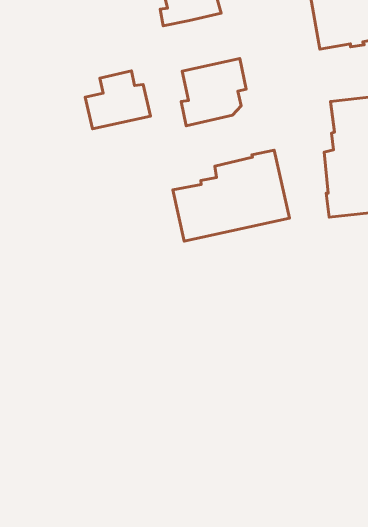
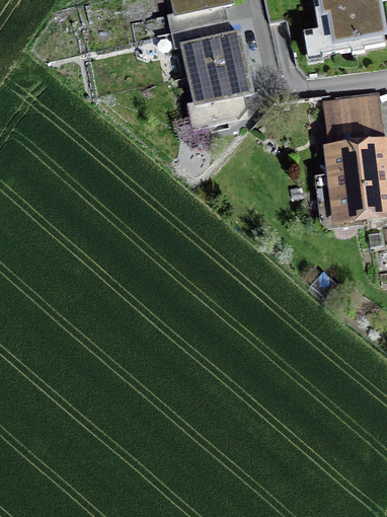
building: [85,71,150,129] -> [182,17,245,73]
building: [173,150,290,241] -> none

